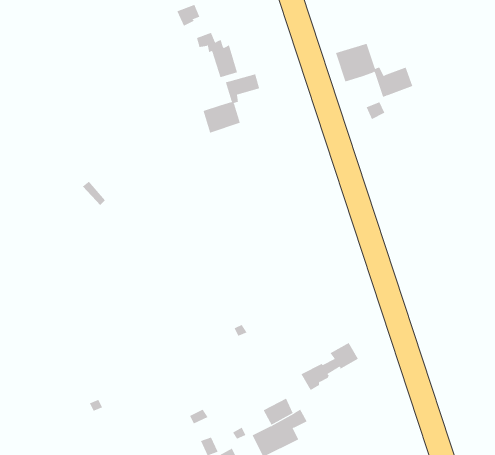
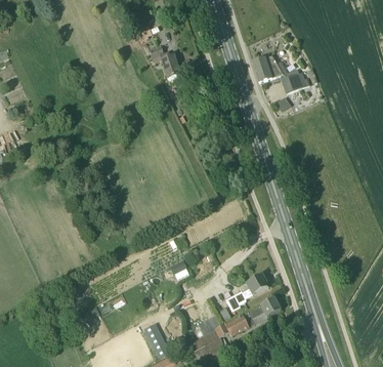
building: [203,73,260,133] -> none
building: none -> [226,297,282,335]

